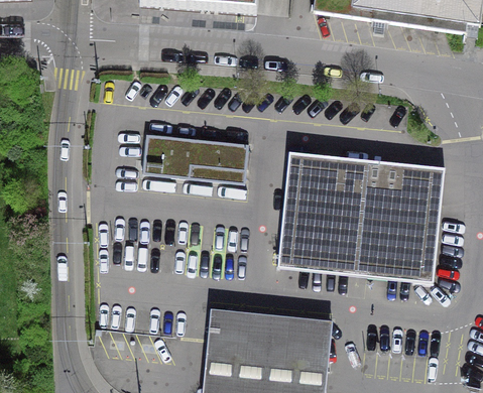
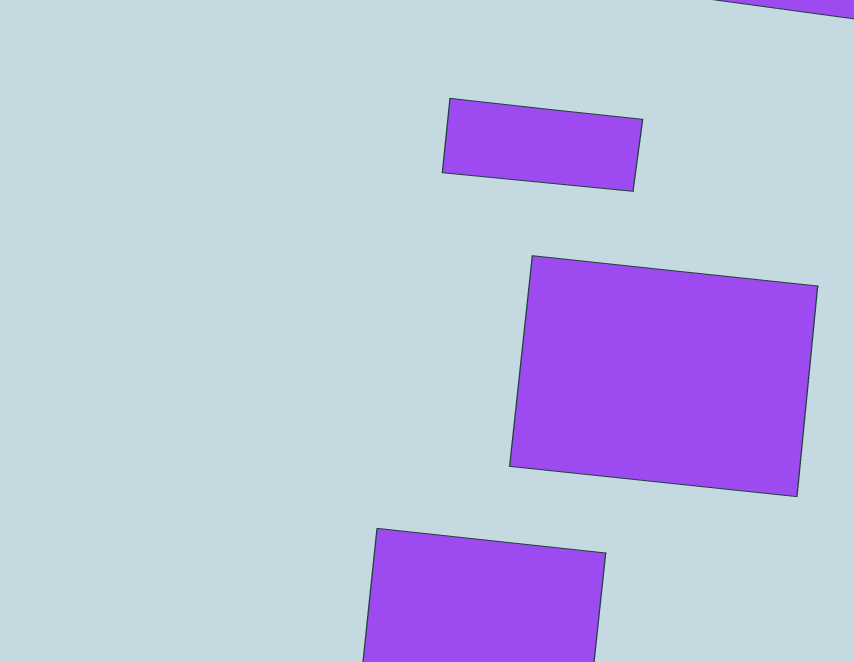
building: [138,128,245,177] -> [442,99,643,191]

